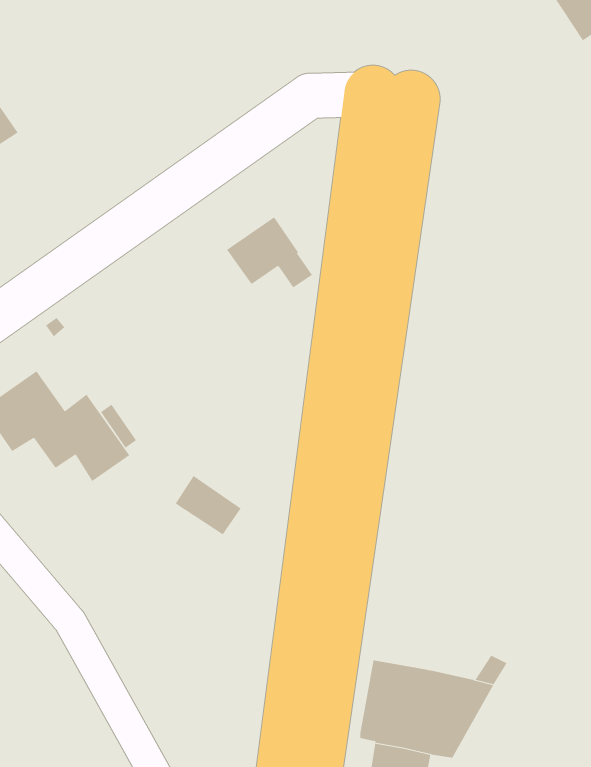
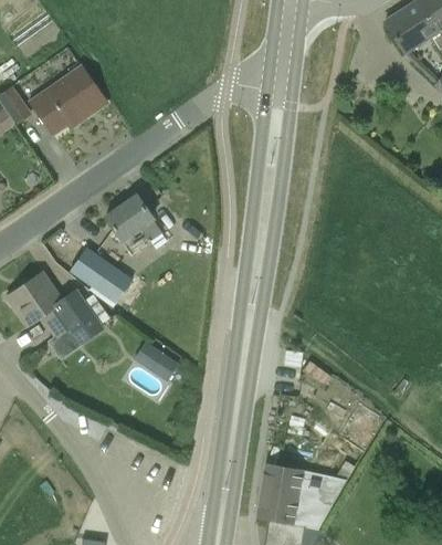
building: none -> [31,65,106,133]
building: [226,217,313,288] -> [105,193,162,241]
building: none -> [71,249,129,304]

